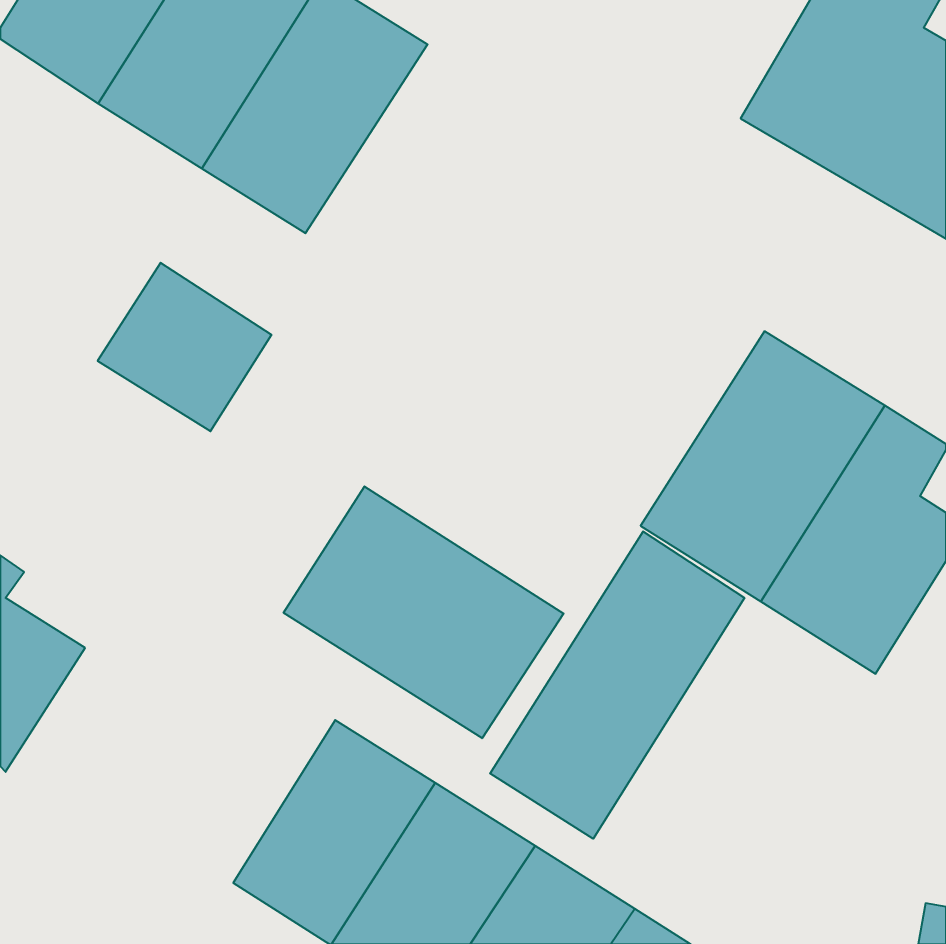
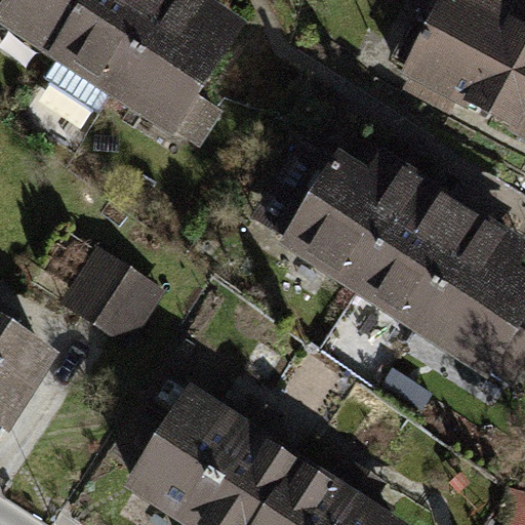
building: [98,263,272,431] -> [64,251,160,345]
building: none -> [283,157,423,291]
building: [284,486,564,738] -> none
building: [490,531,744,839] -> none

